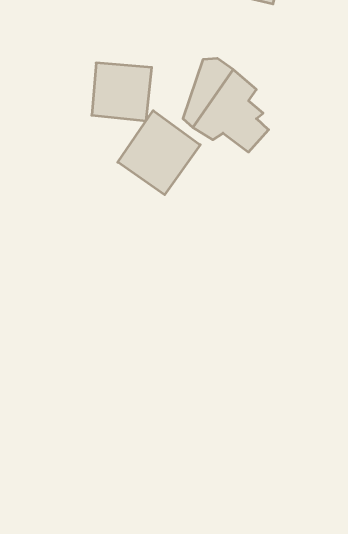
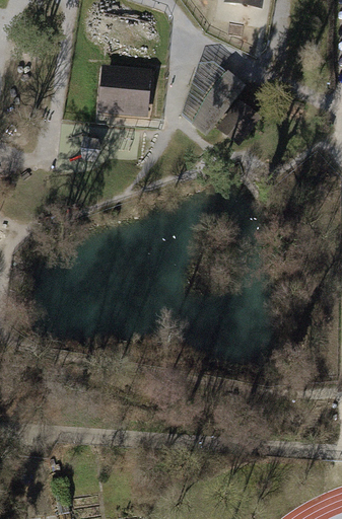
building: [118,111,200,195] -> none

